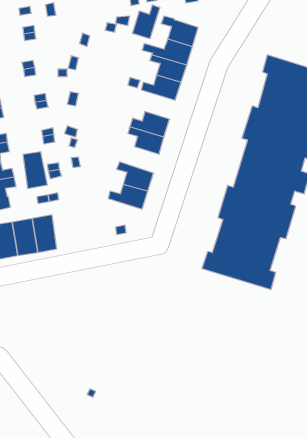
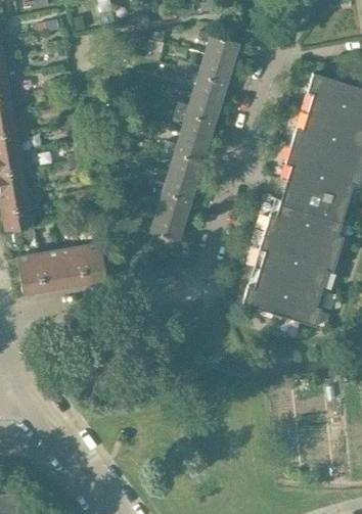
building: [132,5,160,39] -> none
building: none -> [175,111,214,143]
building: none -> [153,173,196,201]
building: [23,152,48,189] -> [81,243,107,283]

